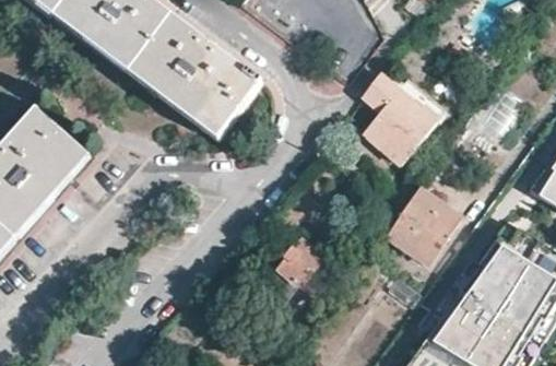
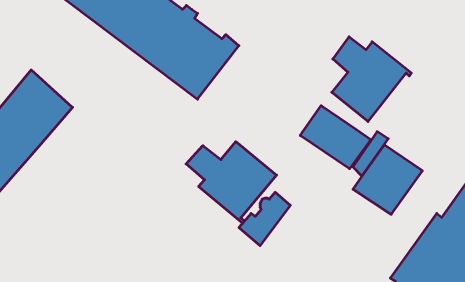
building: none -> [300,106,371,169]
building: none -> [186,142,277,223]

